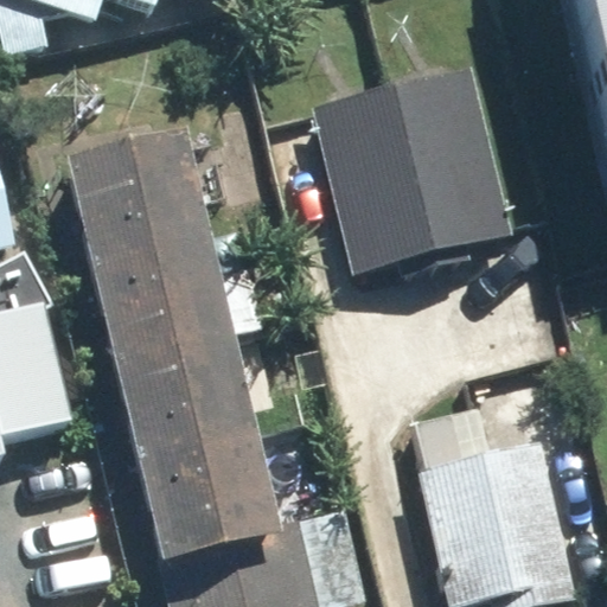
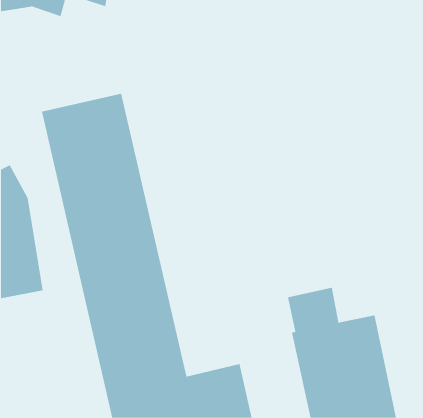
building: [314,68,513,271] -> none

